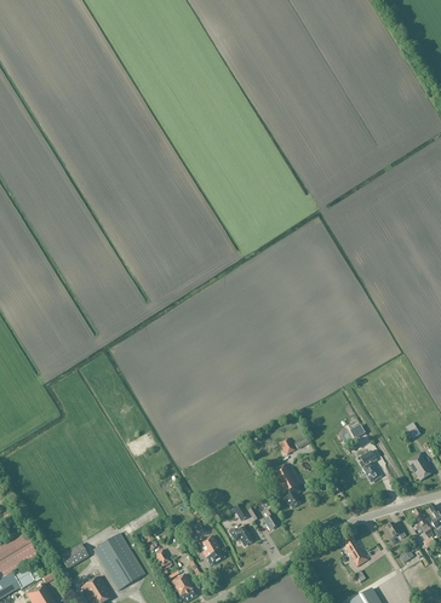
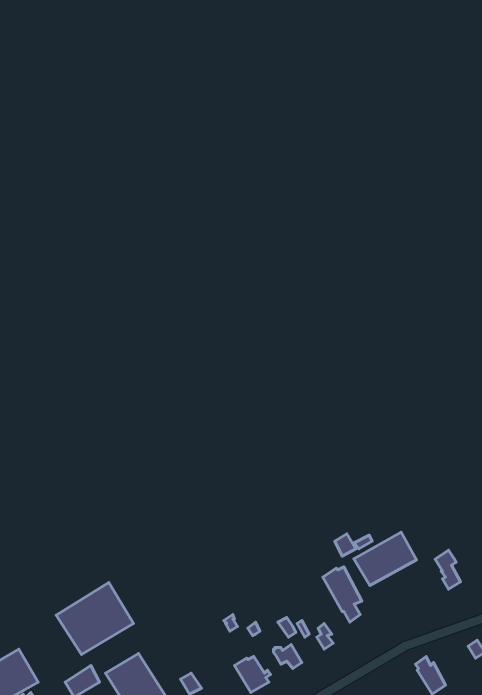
building: none -> [354,532,416,586]
building: none -> [56,582,134,655]

